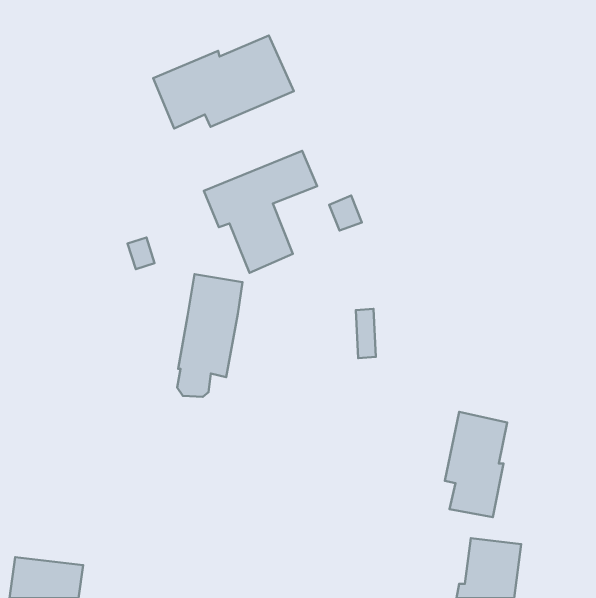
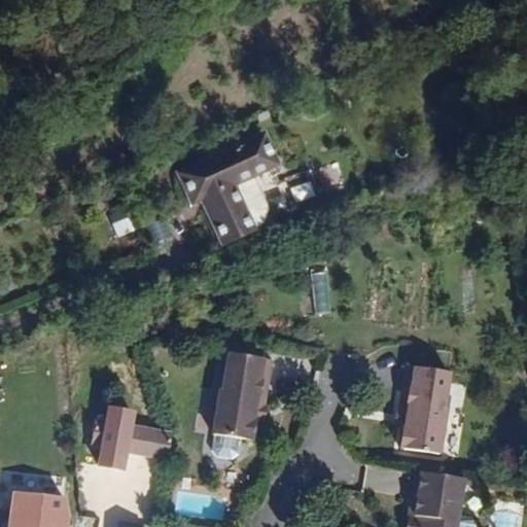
building: [153,36,294,129] -> none
building: [177,274,243,397] -> [213,351,271,459]
building: none -> [93,406,174,469]

